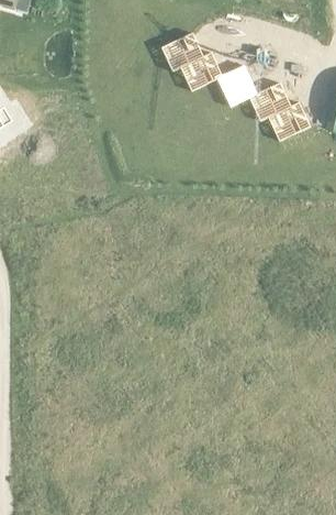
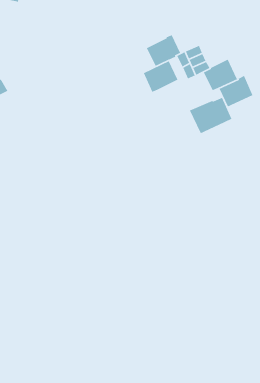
building: [160,32,203,72] -> [143,60,178,93]
building: none -> [189,97,232,135]

